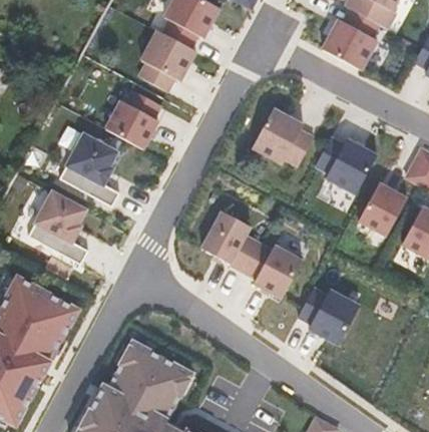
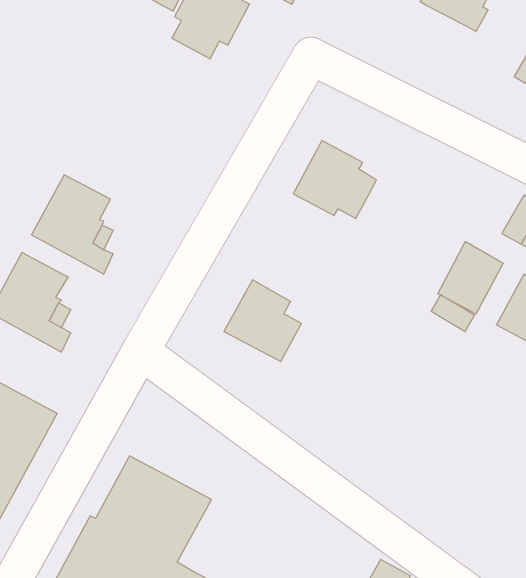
building: [322,9,379,70] -> none
building: [140,31,195,91] -> none
building: [105,89,160,147] -> none
building: [315,137,376,194] -> none
building: [243,243,302,298] -> none
building: [298,288,358,344] -> none

